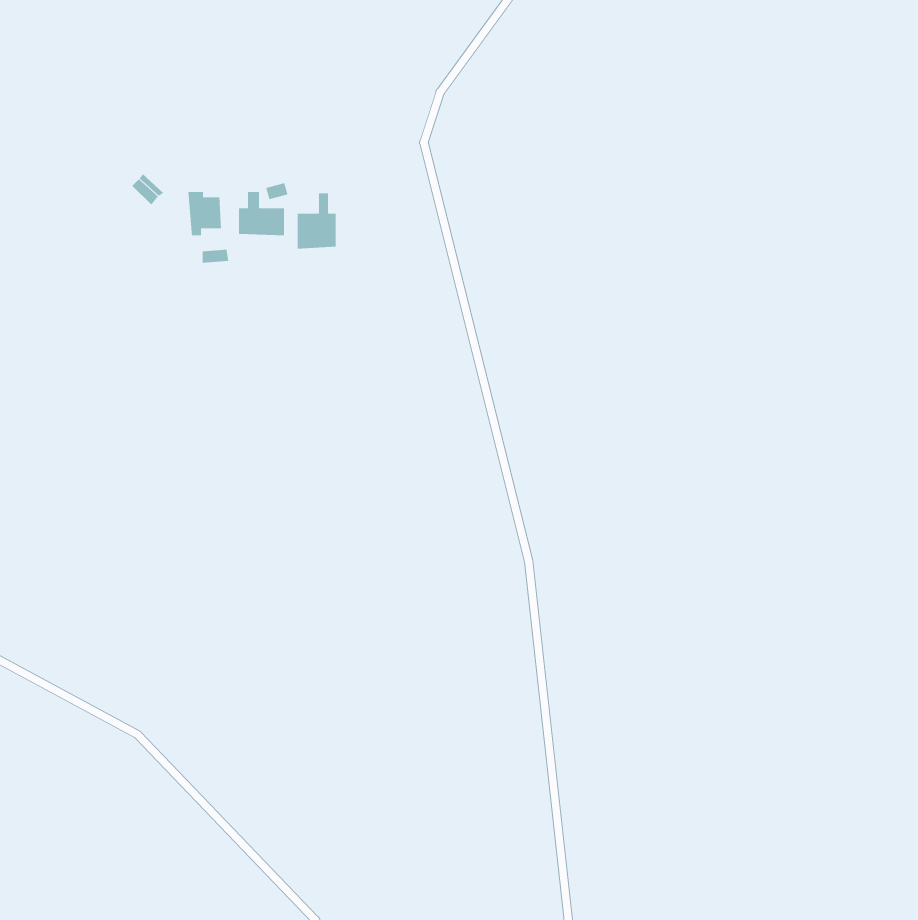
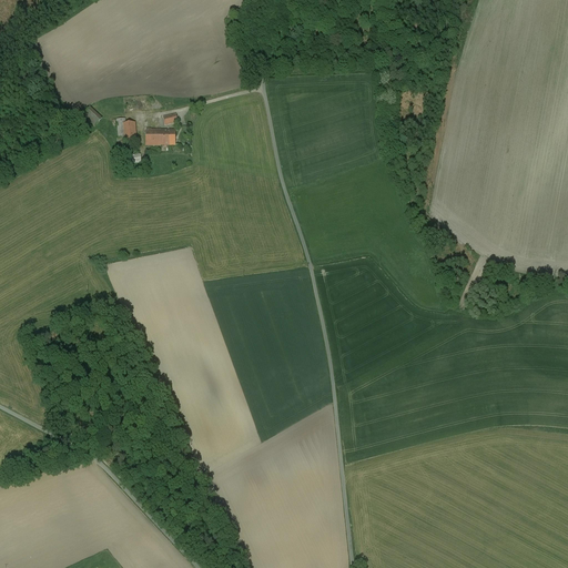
building: [297,192,336,249] -> none

